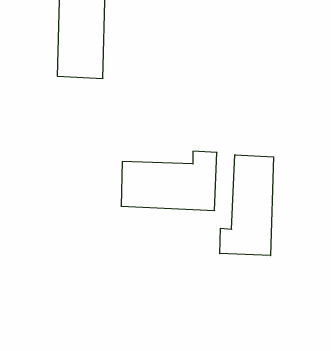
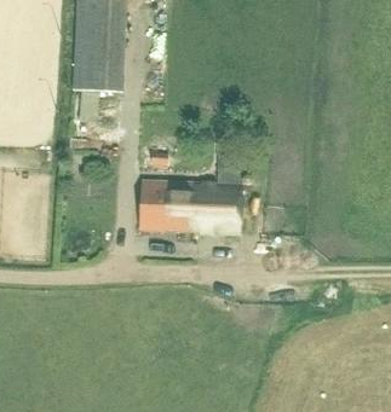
building: [220,155,274,256] -> none

